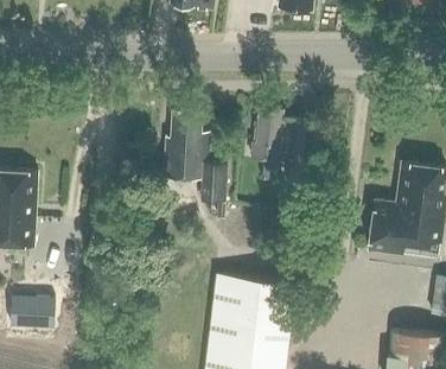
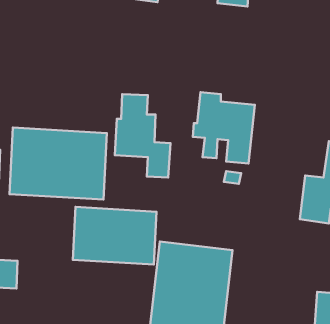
building: none -> [9,128,107,200]
building: none -> [73,207,157,265]

